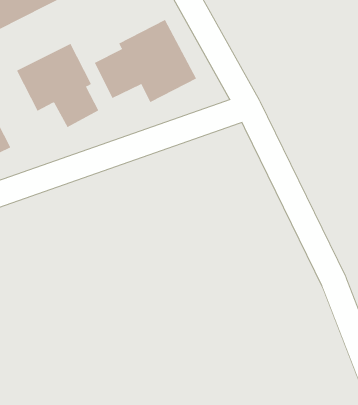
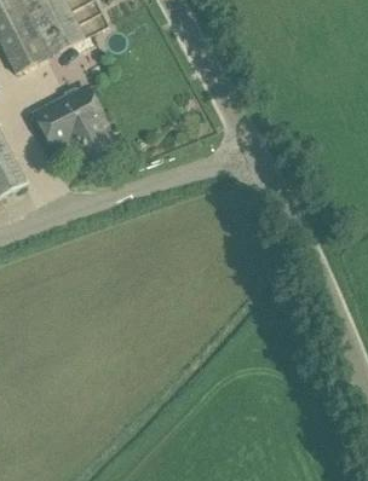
building: [94,19,197,103] -> none

